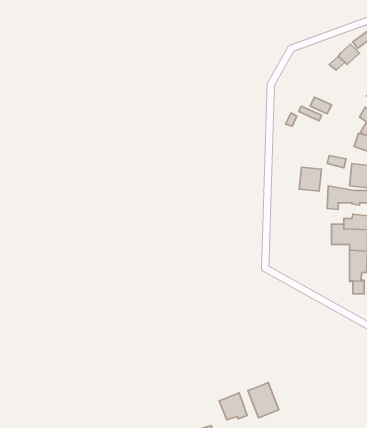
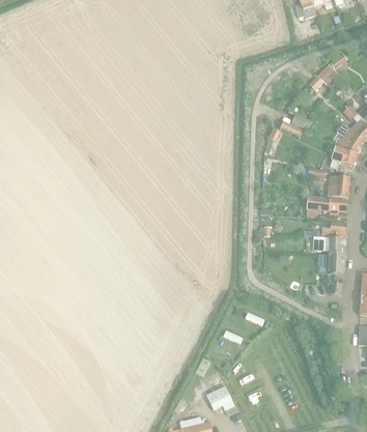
building: [299,167,321,191] -> none
building: [248,382,279,418] -> none

